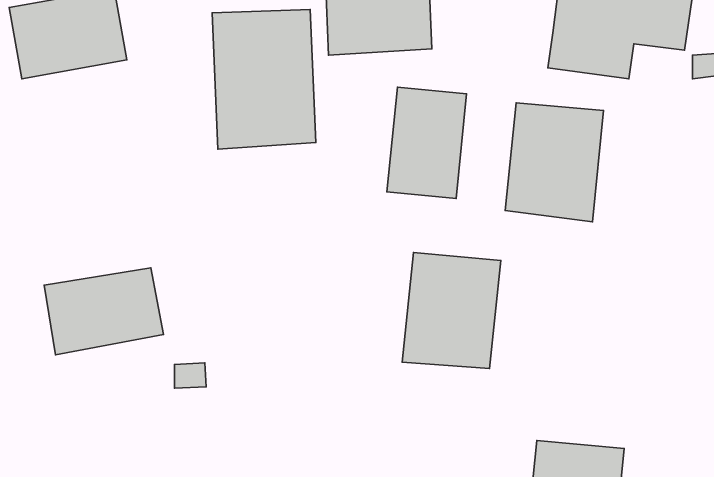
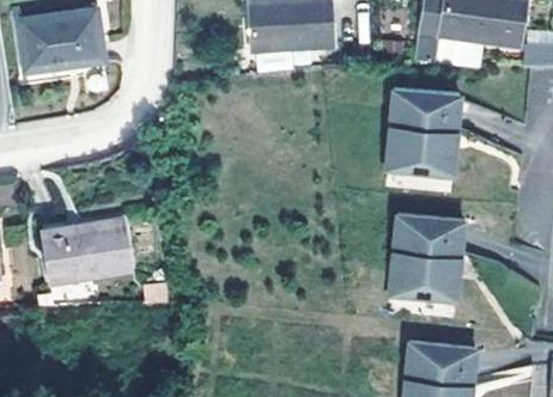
building: [212,10,316,149] -> none
building: [387,87,467,198] -> none
building: [402,253,501,368] -> [390,215,464,303]

